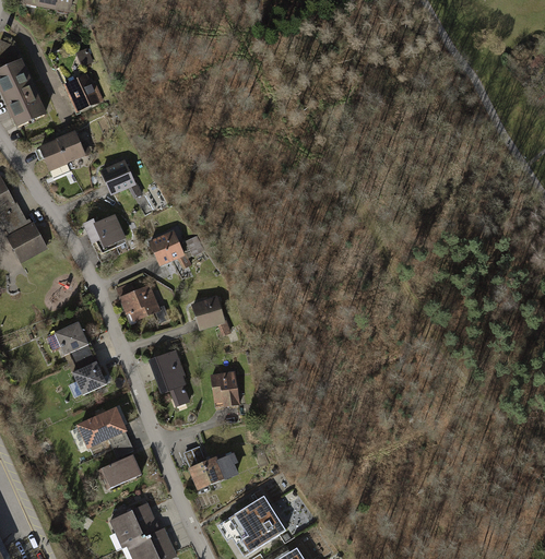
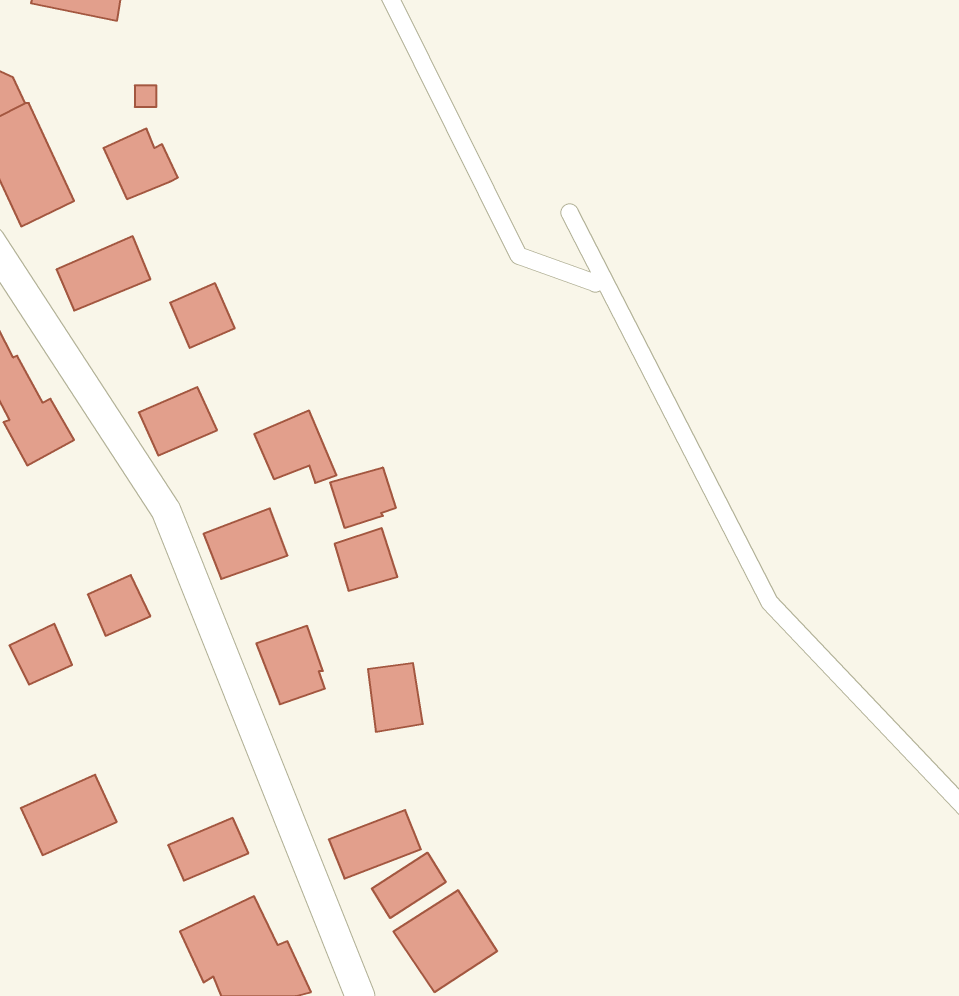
building: none -> [330,467,396,528]
building: [71,360,106,394] -> [9,624,72,685]
building: [74,407,128,452] -> [21,775,117,855]
building: none -> [372,853,446,918]

